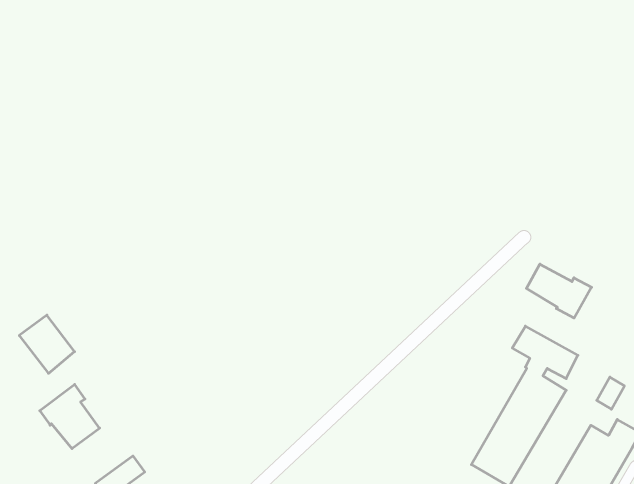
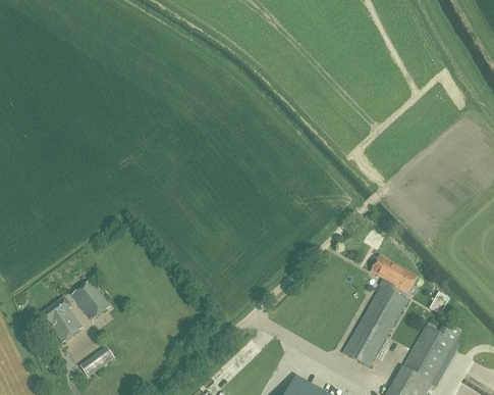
building: [526,264,592,318] -> none
building: [19,315,75,373] -> [71,281,110,322]

